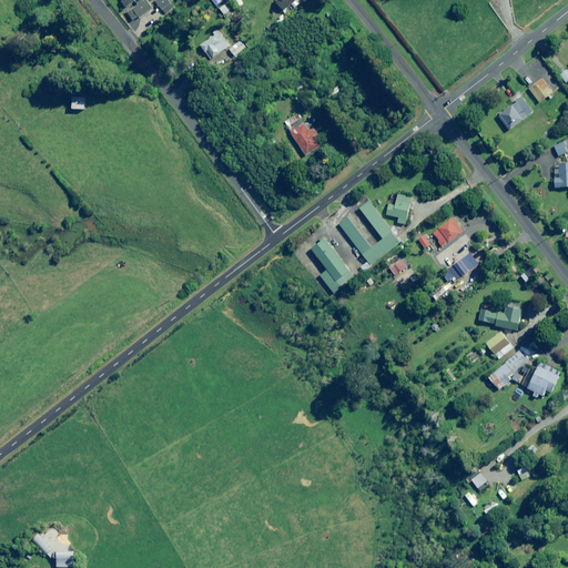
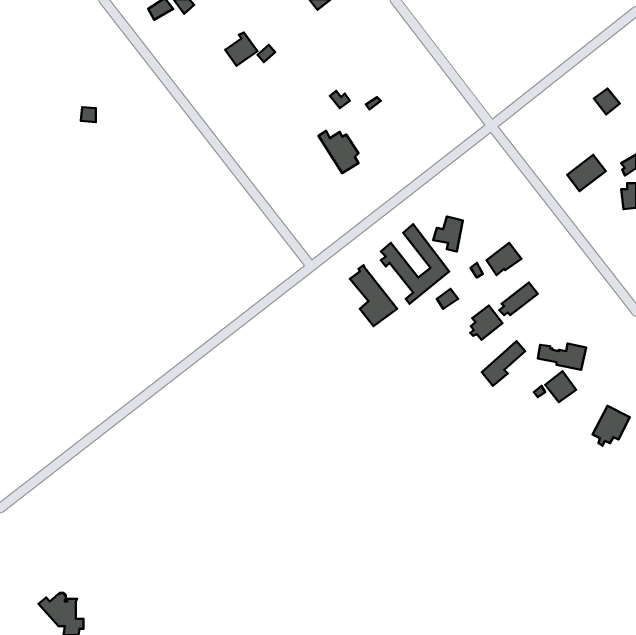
building: [498,97,532,129] -> [567,155,606,191]
building: none -> [470,305,502,340]
building: [489,349,528,389] -> [482,341,525,386]

